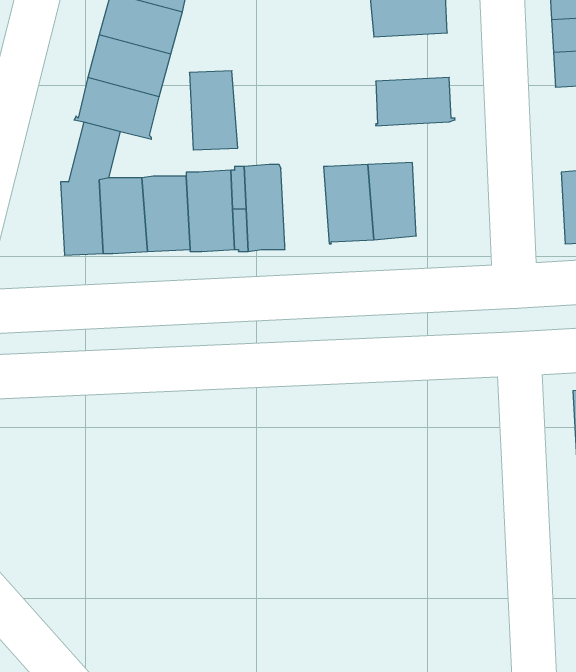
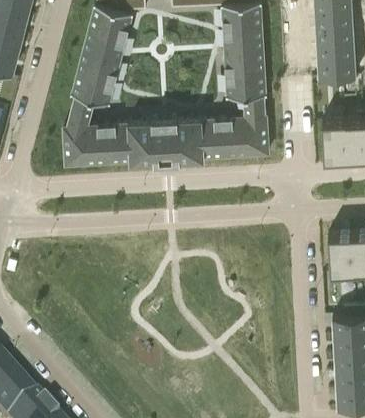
building: none -> [225,49,264,74]
building: [189,71,238,150] -> [177,118,202,159]
building: none -> [244,95,268,154]

